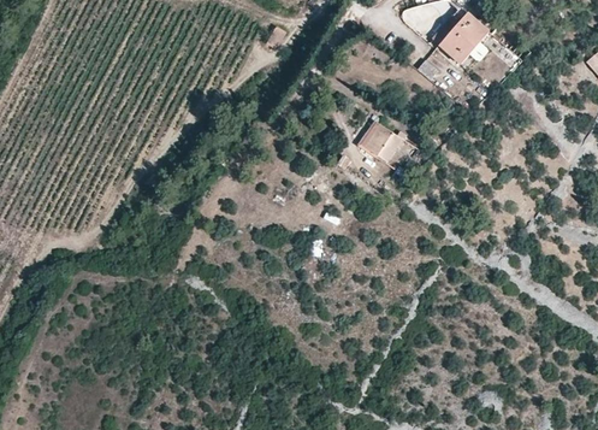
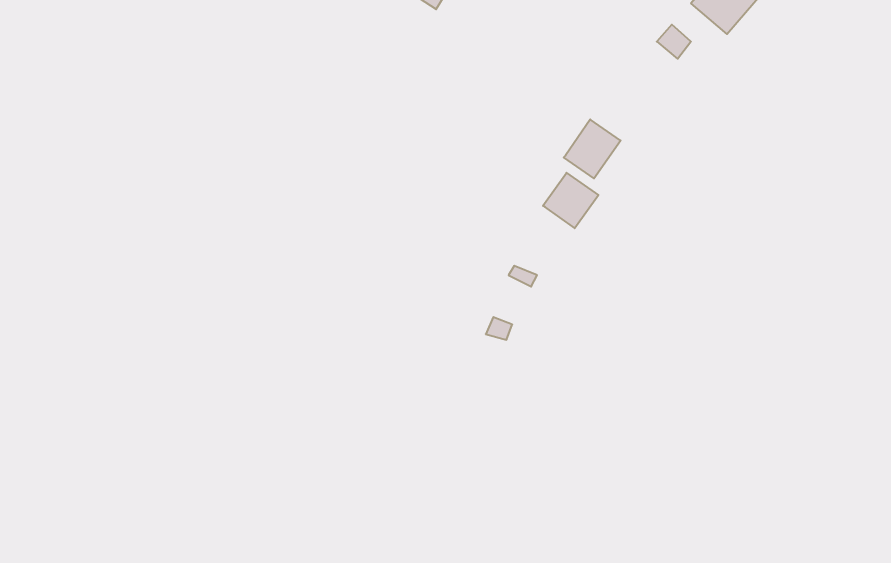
building: none -> [543,173,598,228]

